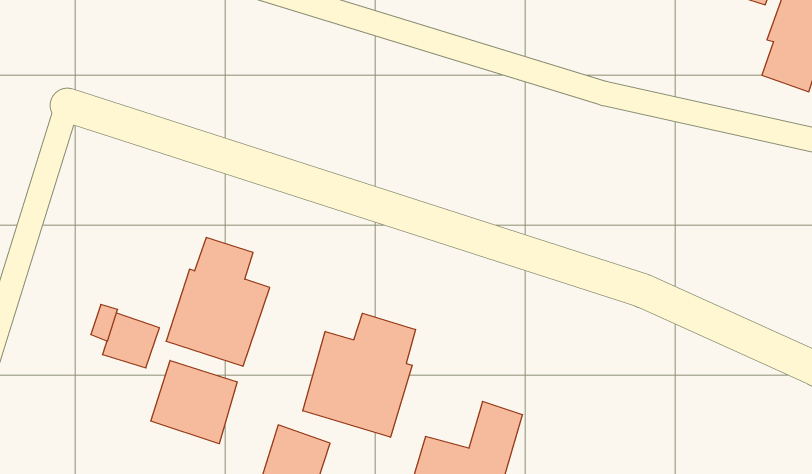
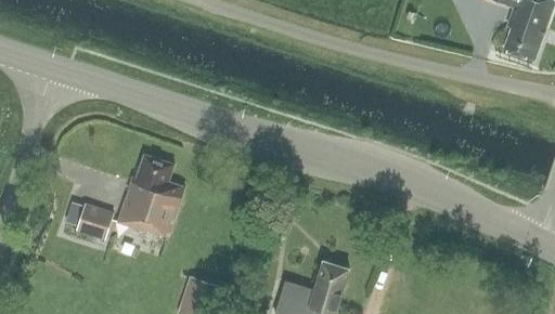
building: [303,313,416,437] -> none
building: [151,360,237,444] -> none

